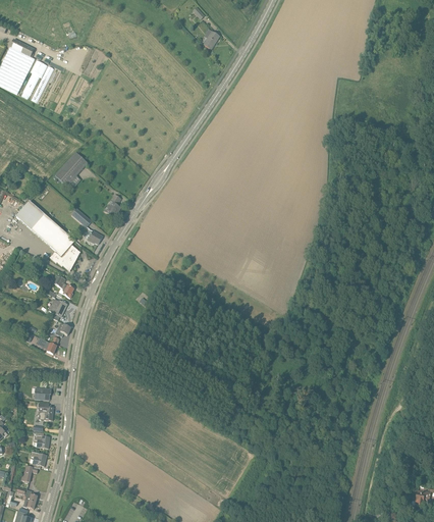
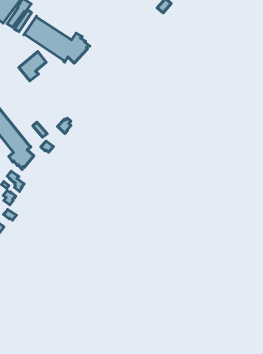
building: none -> [24,16,90,63]
building: [56,152,89,190] -> [19,52,46,81]

